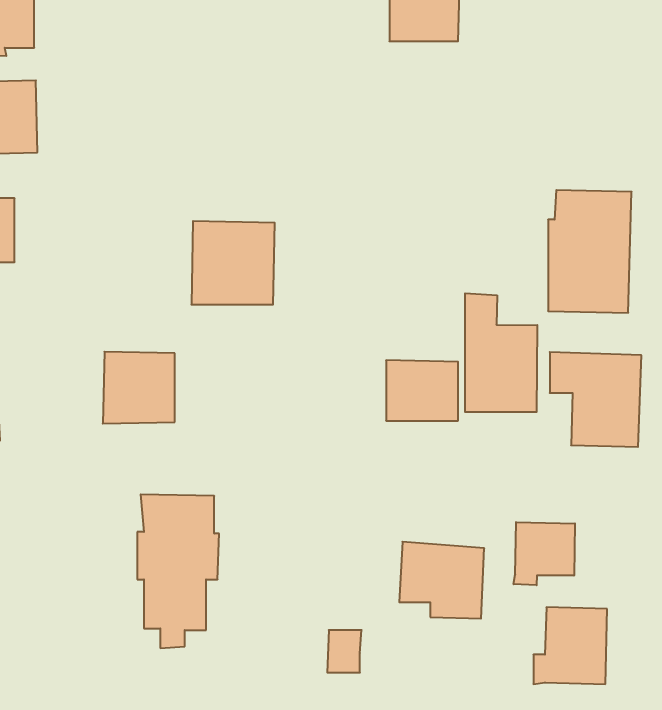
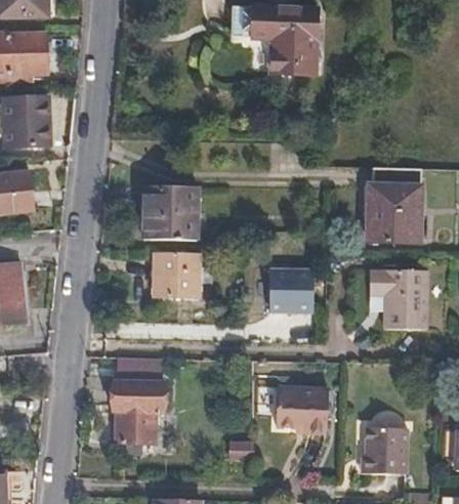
building: [465,293,537,412] -> none
building: [103,352,175,424] -> [155,250,200,295]
building: [514,522,575,585] -> none

